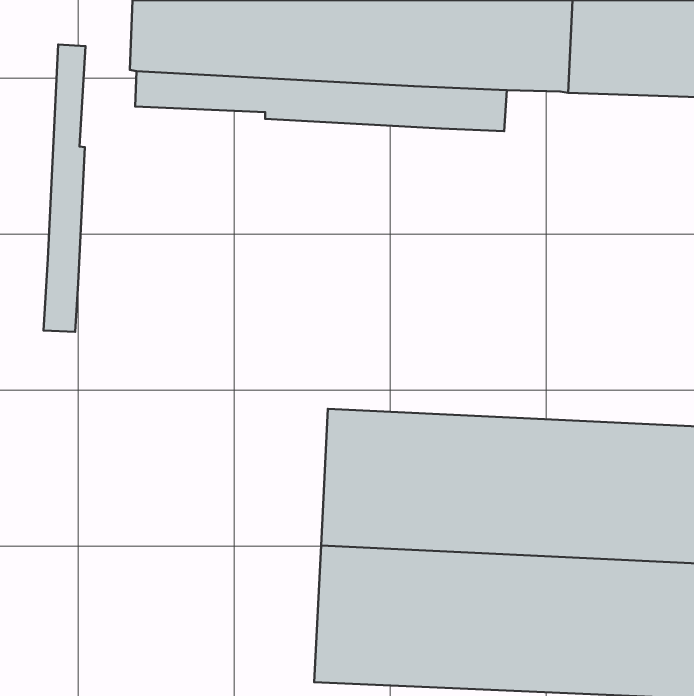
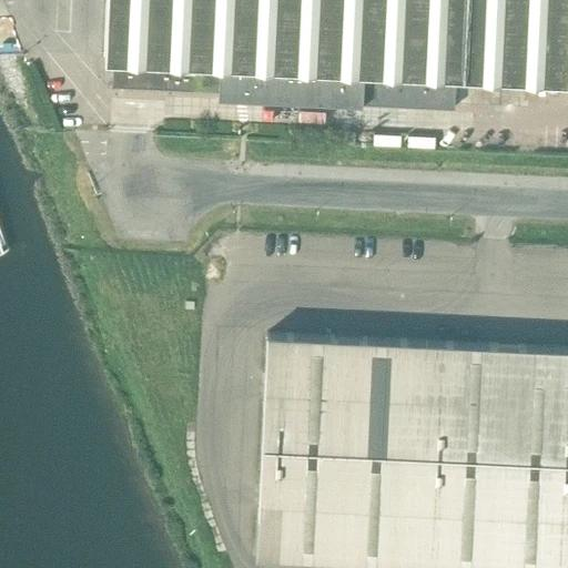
building: [43,45,86,332] -> none
building: none -> [413,75,458,111]

